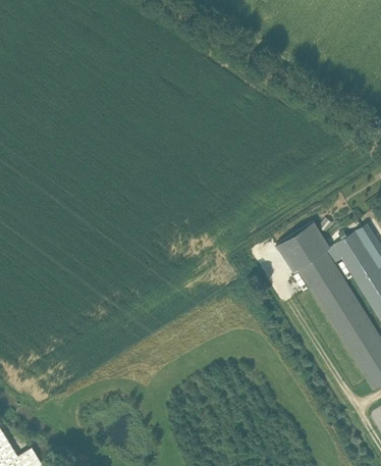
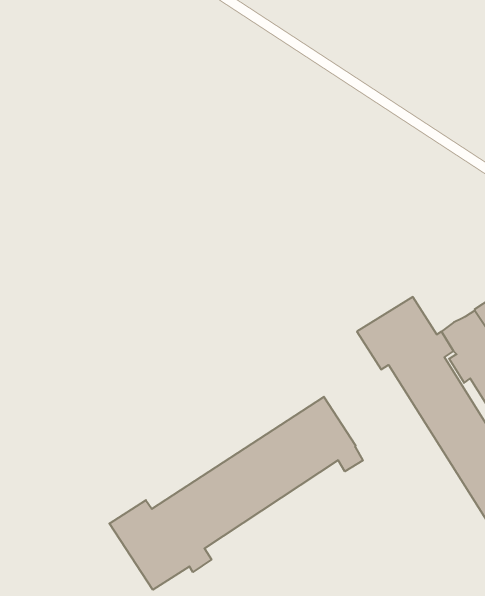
building: none -> [109,397,363,590]

